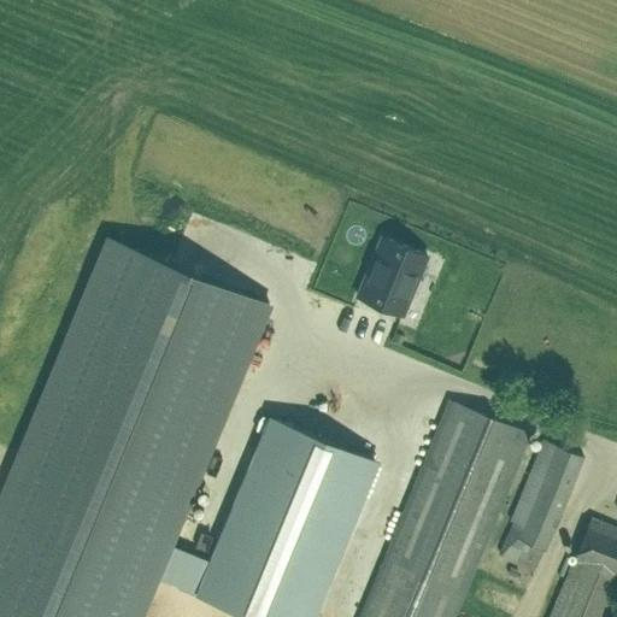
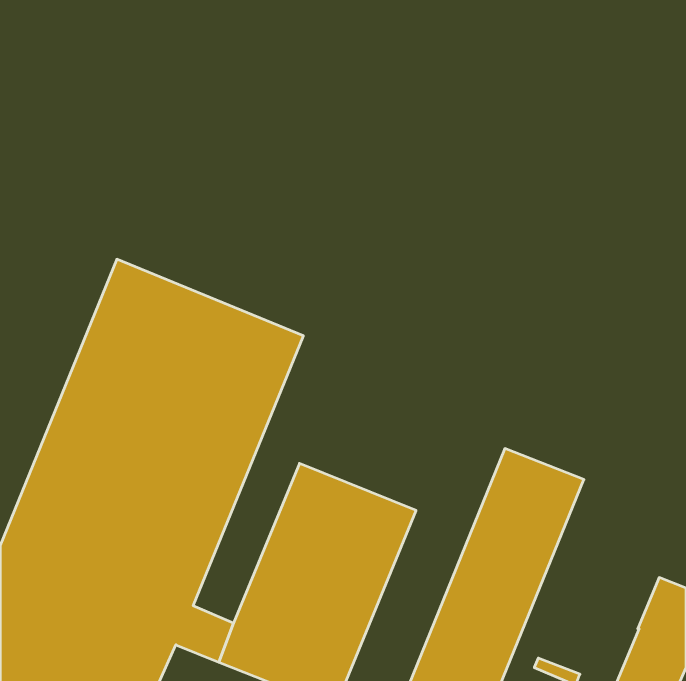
building: [354,237,424,316] -> none
building: [498,443,583,574] -> none

